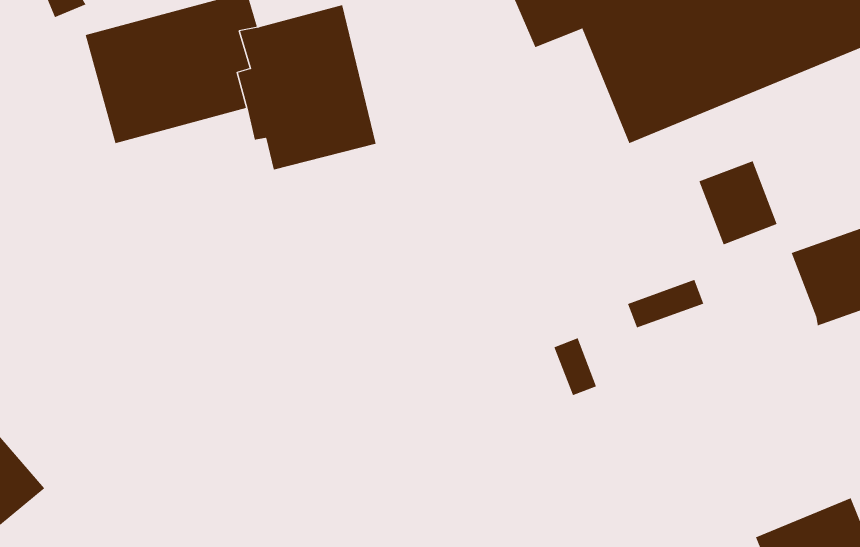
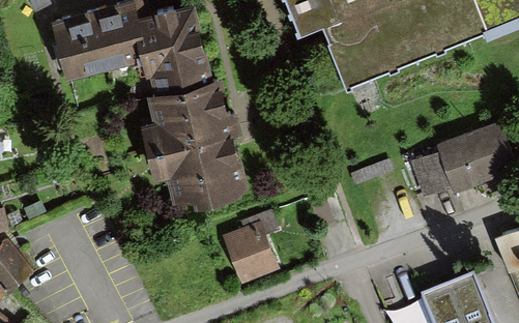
building: none -> [142,81,247,207]
building: [699,160,778,245] -> [409,142,453,188]
building: none -> [225,205,277,276]

